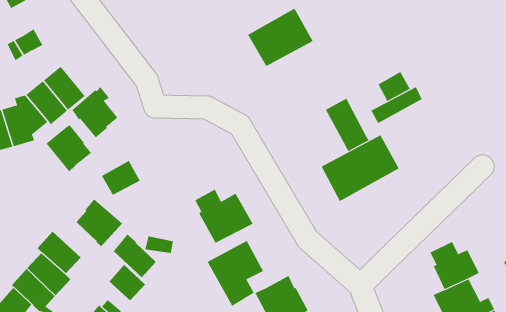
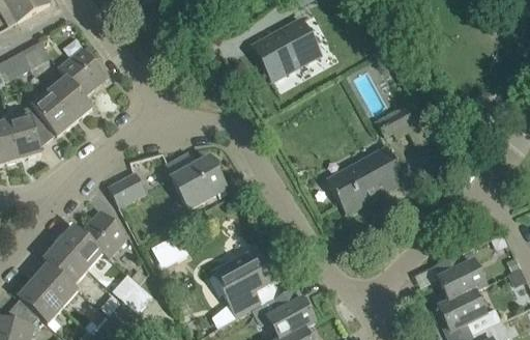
building: [378,71,410,102] -> none
building: [72,86,118,138] -> [58,45,105,96]
building: [325,98,369,152] -> none
building: [46,124,92,172] -> none
building: [194,189,253,244] -> [167,153,226,208]
building: [113,233,156,278] -> [58,225,101,270]

